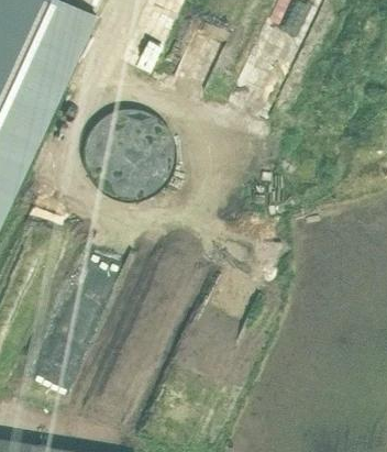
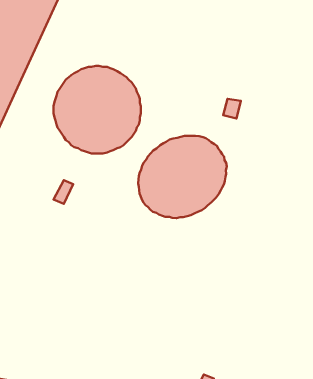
building: none -> [138,136,227,218]

